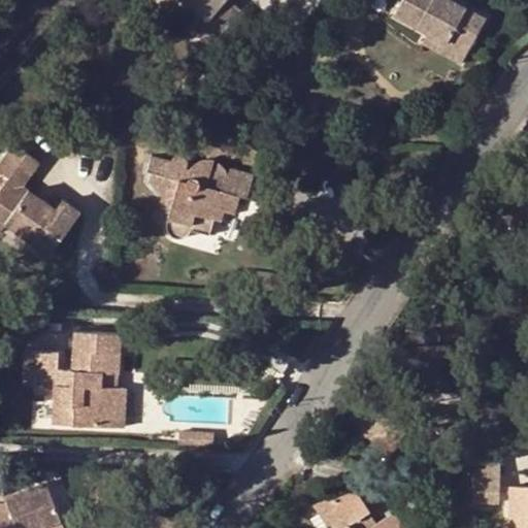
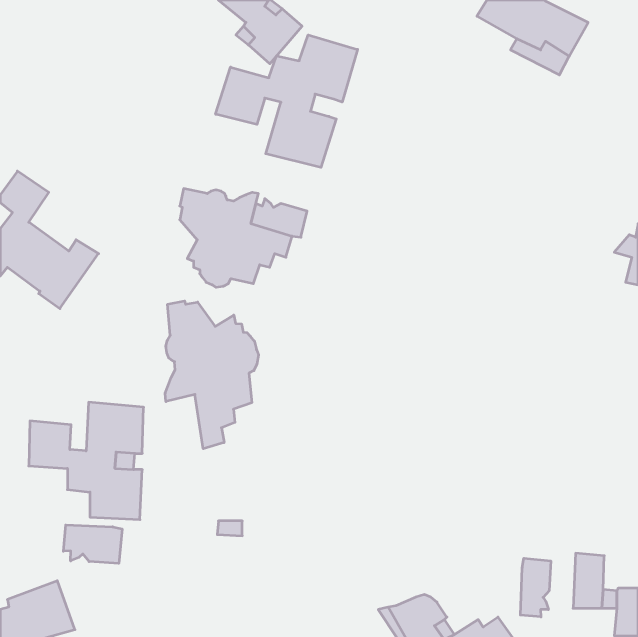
building: none -> [216,35,358,167]
building: none -> [165,301,259,449]
building: none -> [63,525,122,563]
building: none -> [520,558,551,617]

